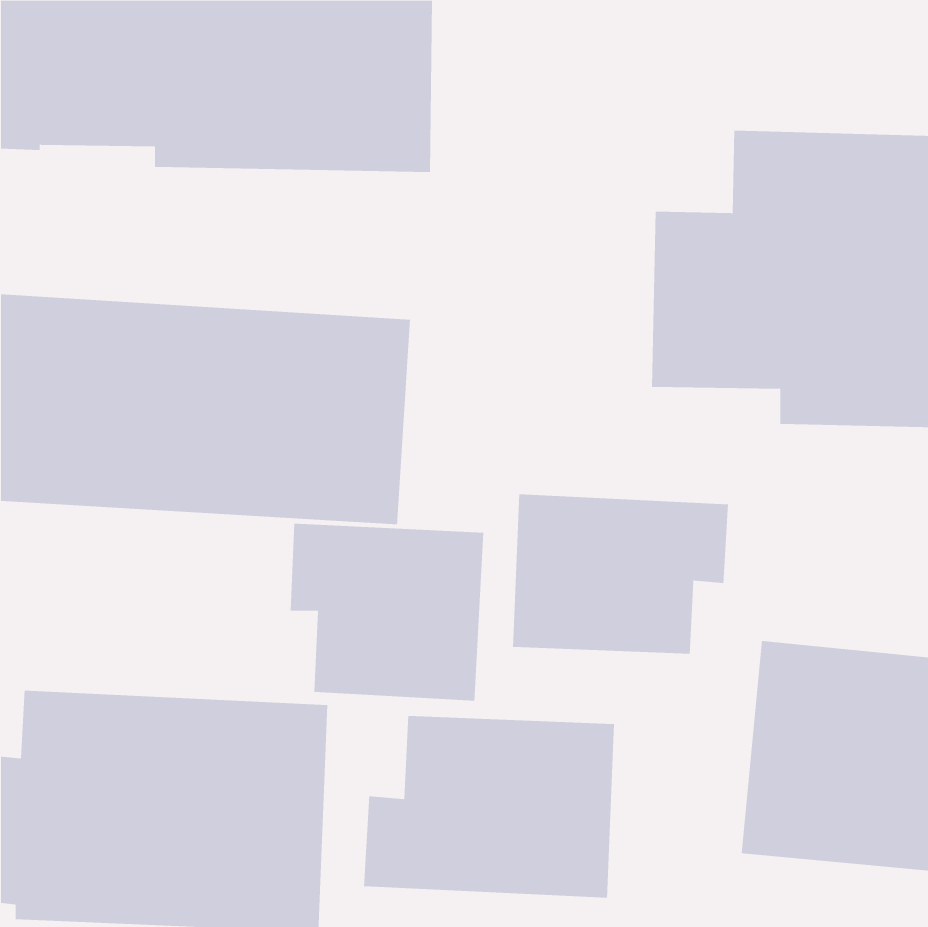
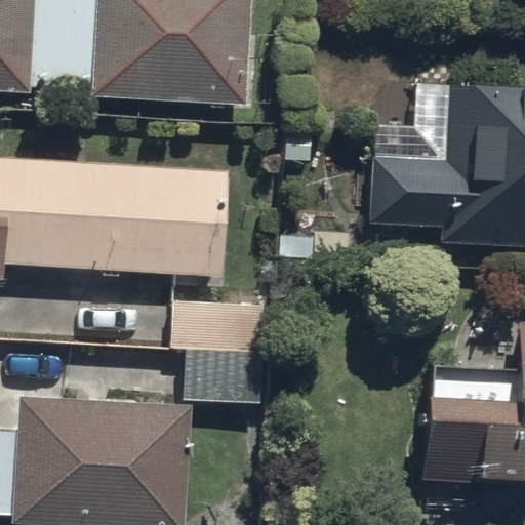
building: [513,494,728,655] -> none
building: [364,715,614,898] -> none

